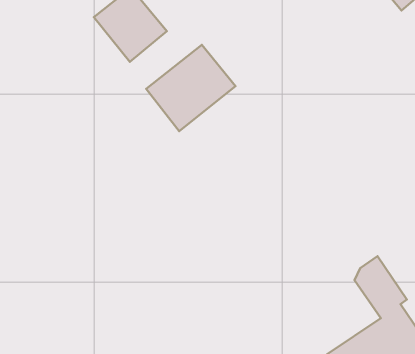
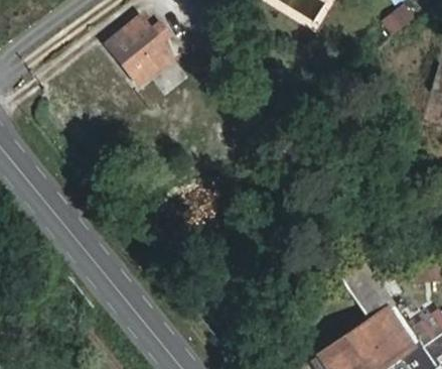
building: [146,45,235,131] -> none

